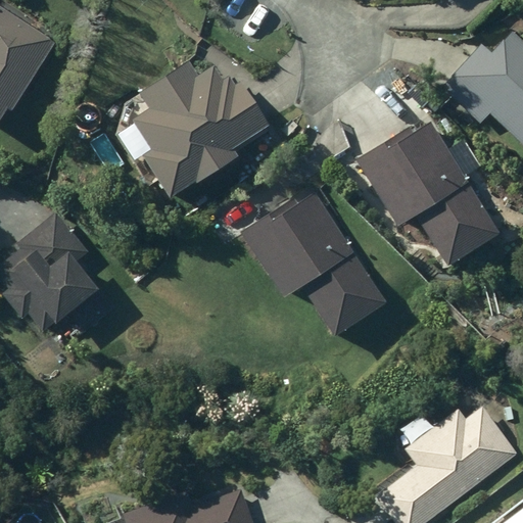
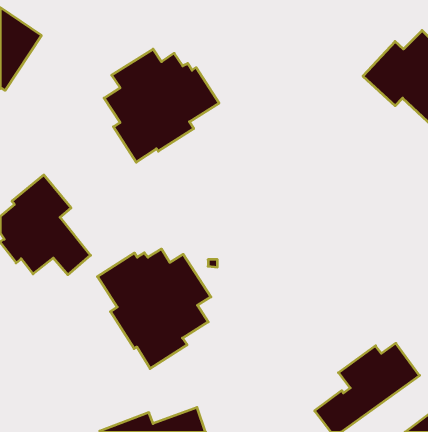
building: [353,113,498,267] -> none
building: [238,196,386,336] -> none
building: none -> [97,249,211,369]

